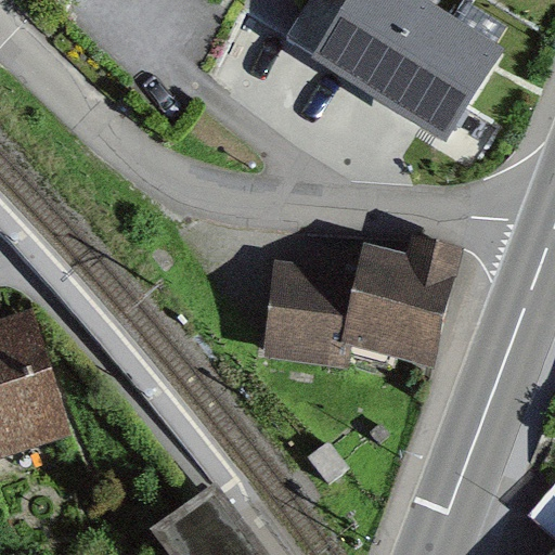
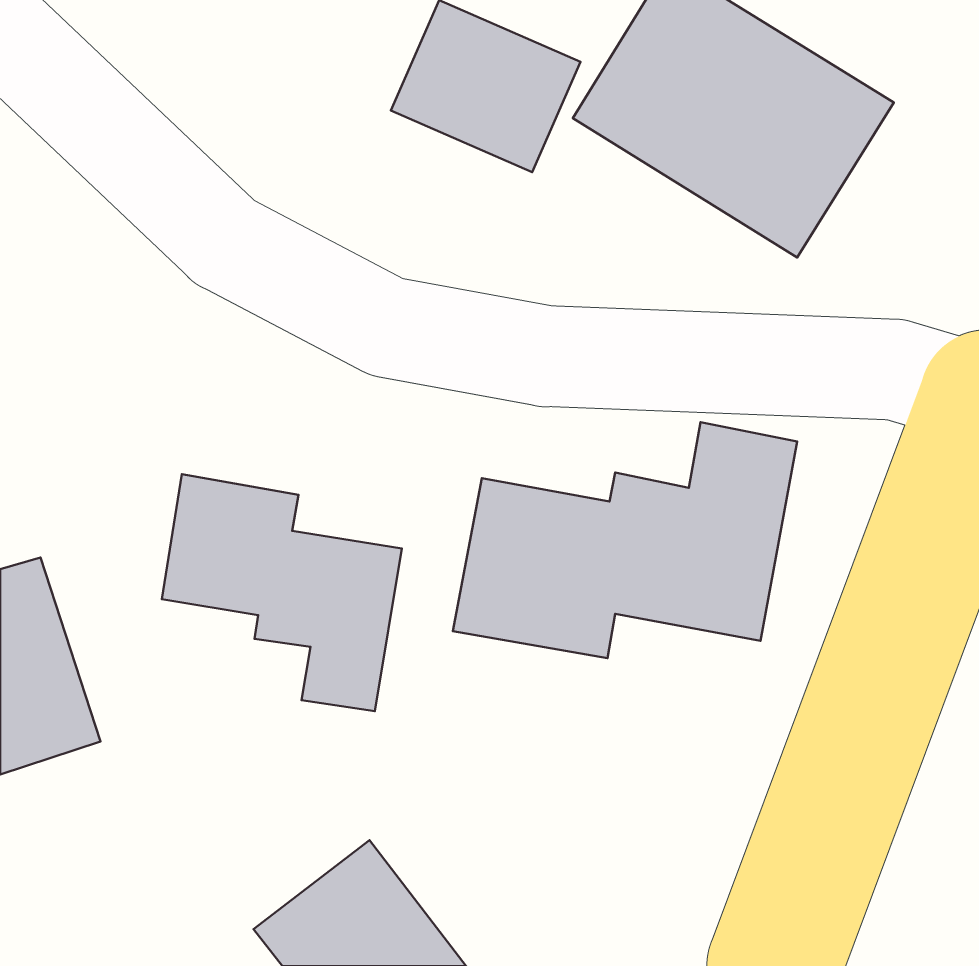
building: none -> [162,474,402,711]

